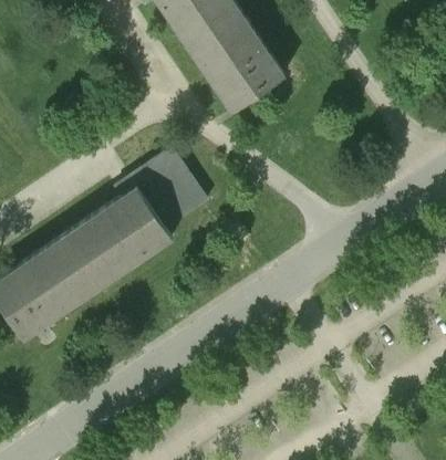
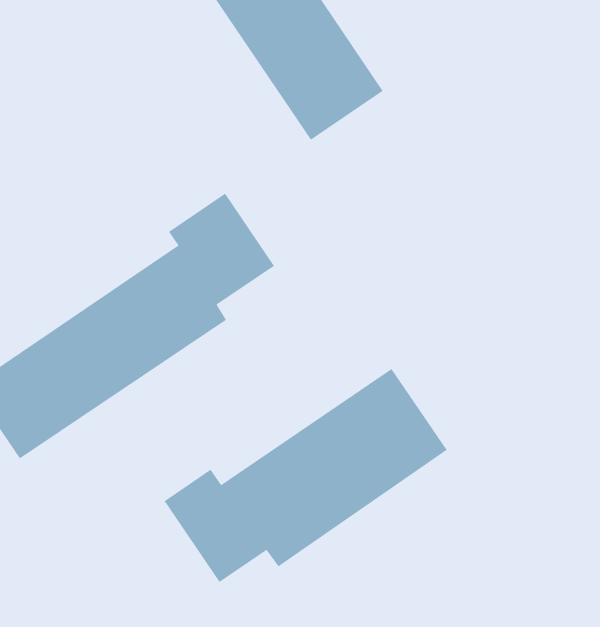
building: none -> [164,368,447,583]

